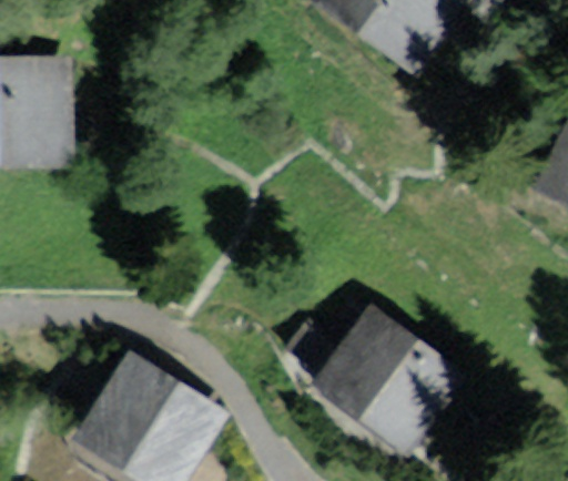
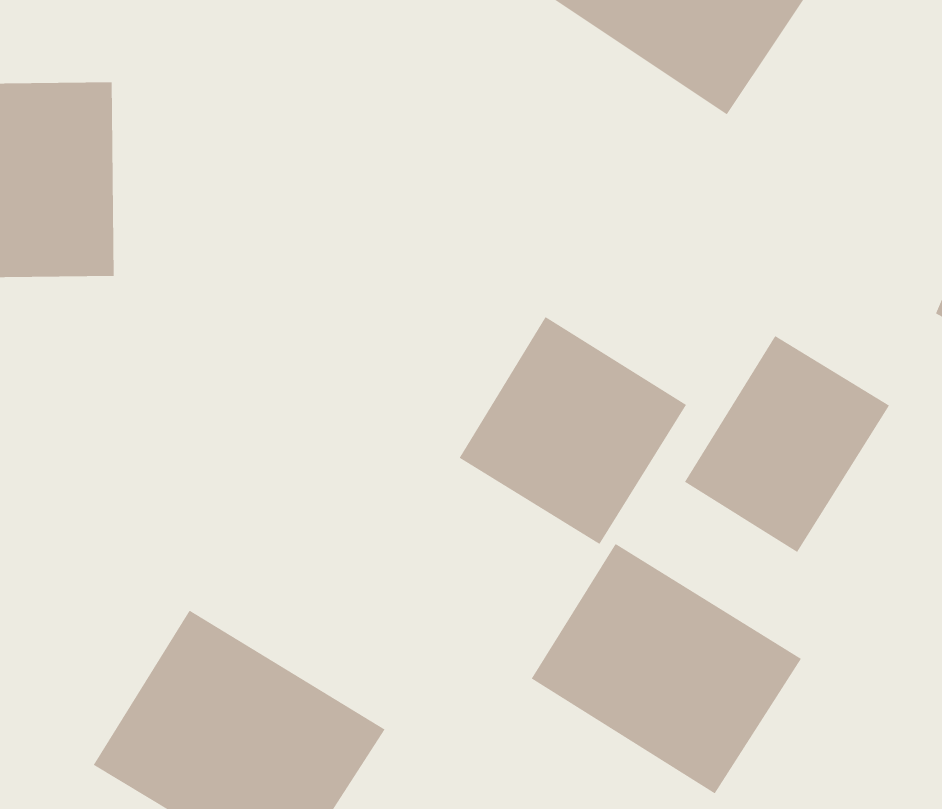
building: none -> [459,316,687,545]
building: none -> [684,335,890,553]

